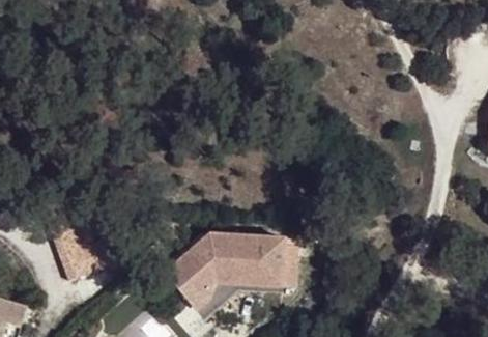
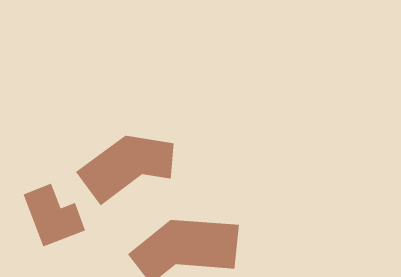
building: none -> [75,135,175,207]

